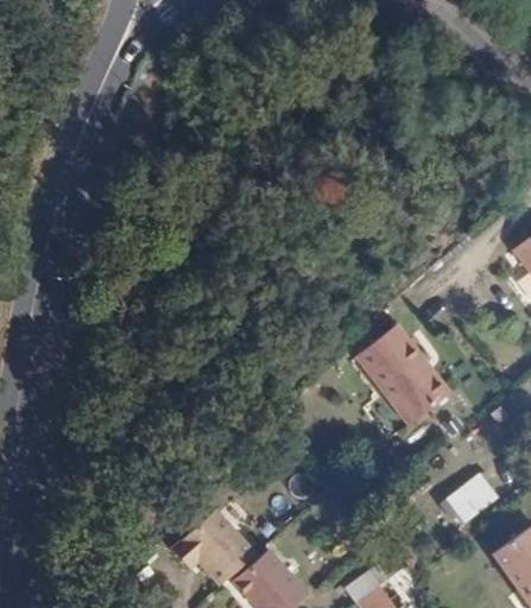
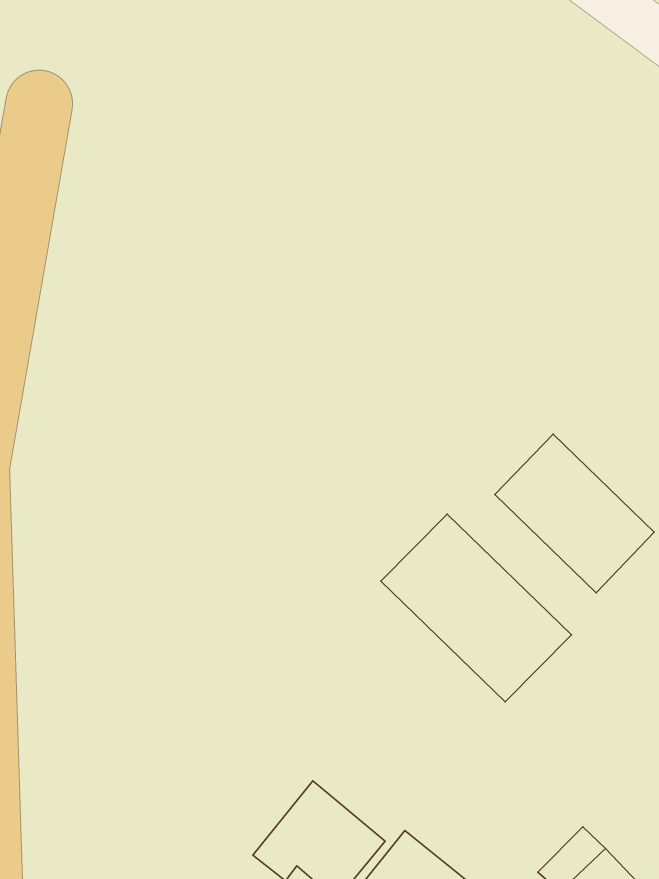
building: none -> [381,514,571,702]

